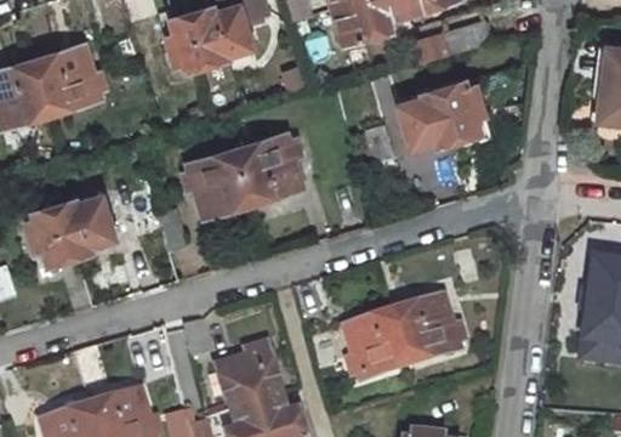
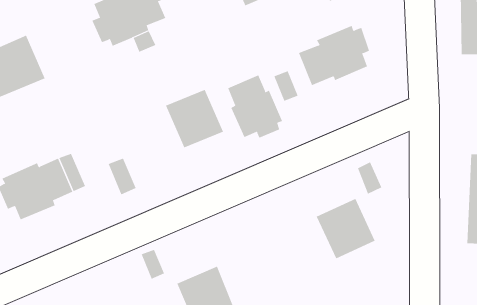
building: none -> [227,74,283,138]
building: [188,151,250,217] -> none
building: [347,305,412,375] -> none

